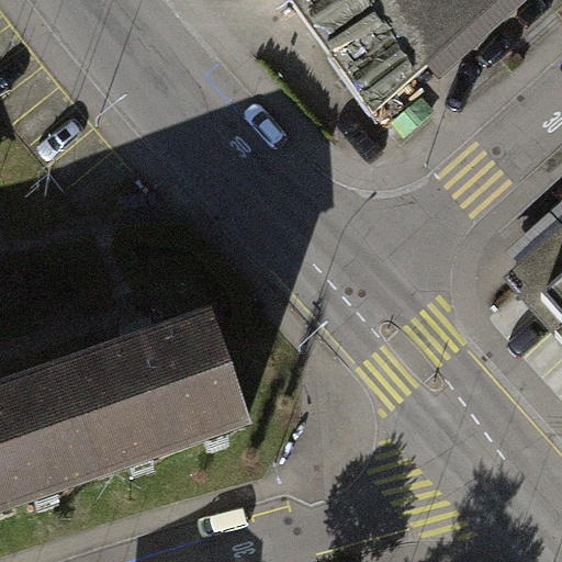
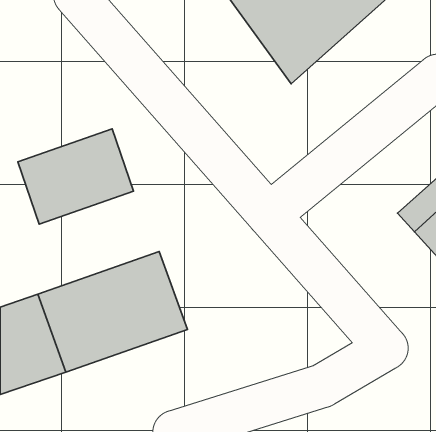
building: none -> [18,129,134,224]

